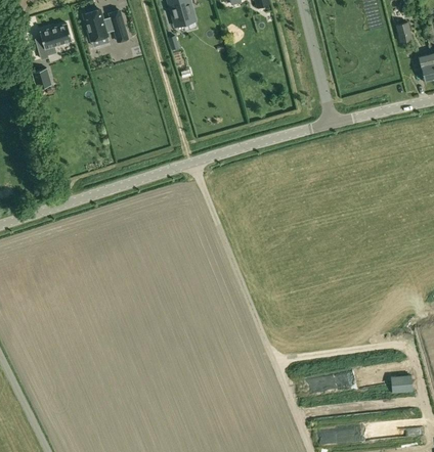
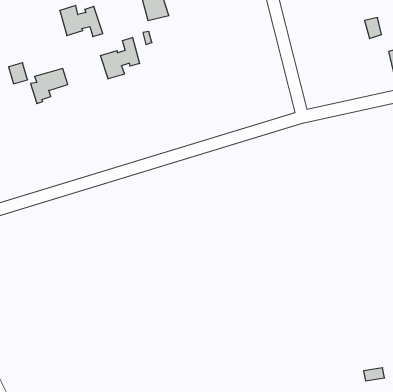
building: [33,25,71,60] -> [31,68,68,104]
building: none -> [101,37,140,79]

